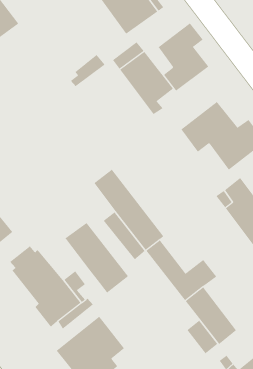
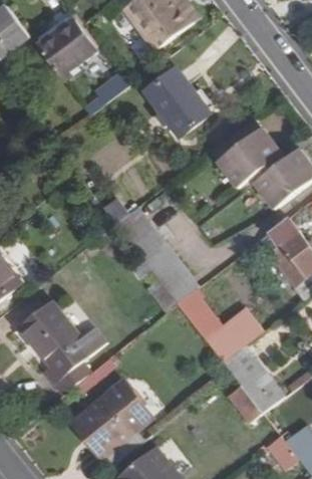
building: none -> [34,18,94,81]
building: [158,23,209,92] -> none
building: [65,222,129,293] -> none

